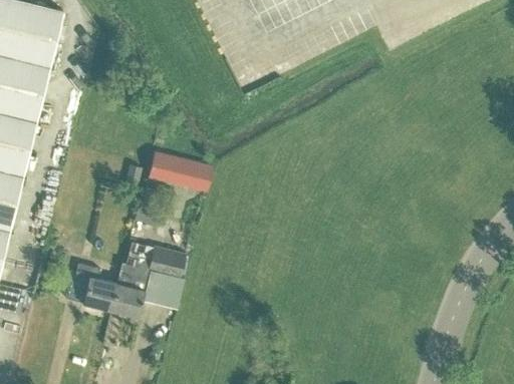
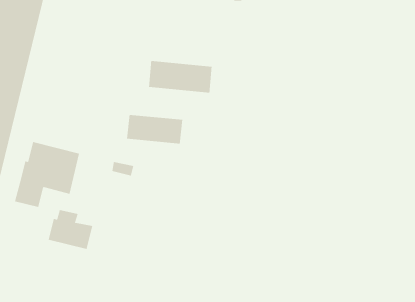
building: none -> [148,60,212,93]
building: [109,242,185,318] -> [14,141,80,208]

